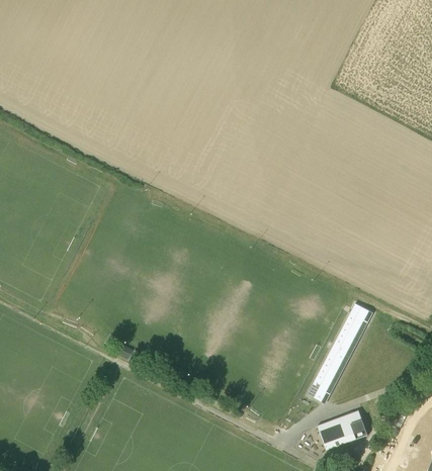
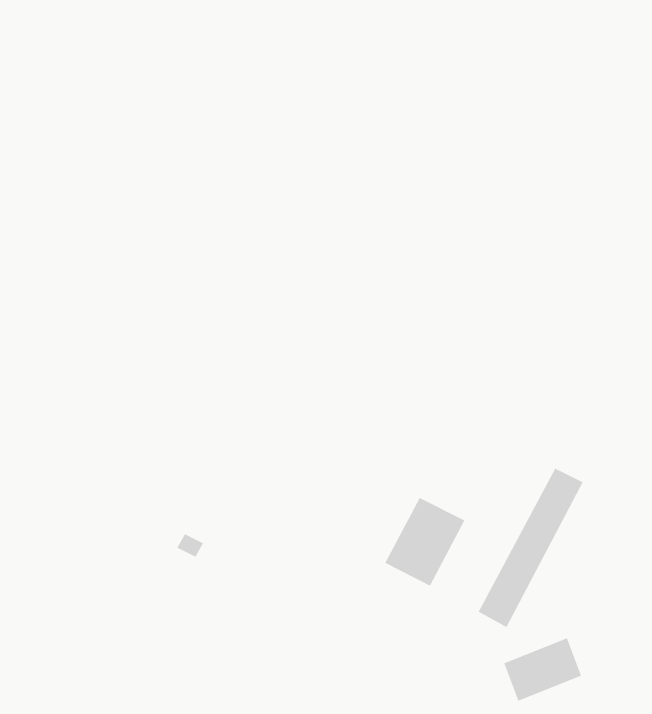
building: none -> [385,497,465,586]

